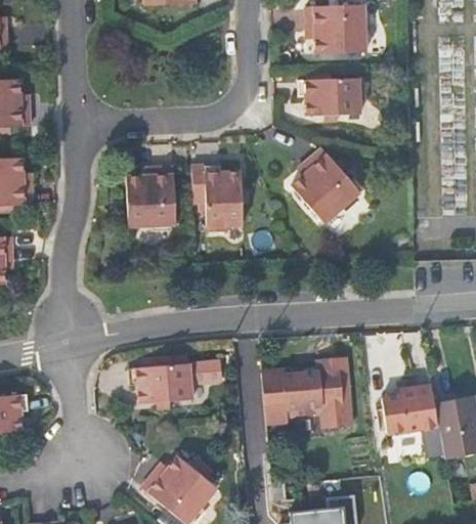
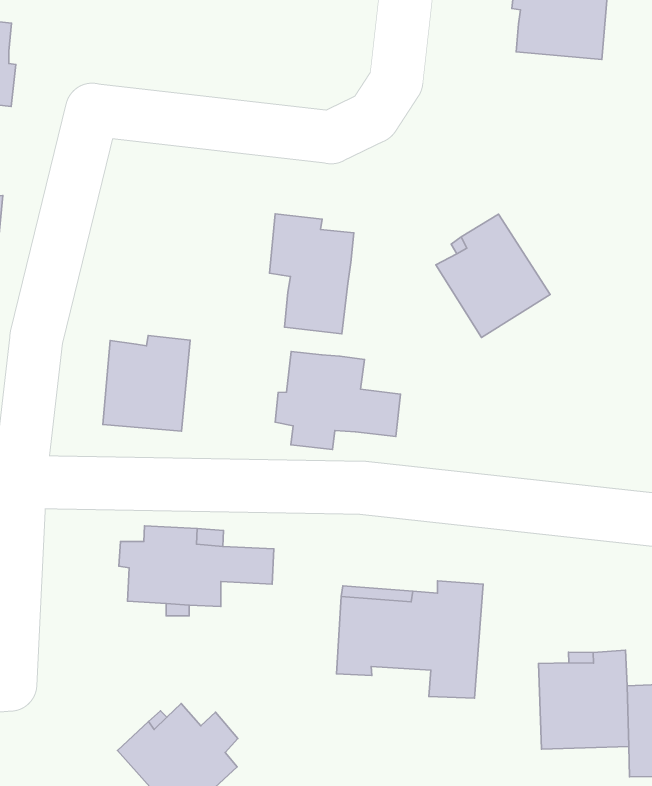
building: [298,76,363,114] -> none
building: [125,167,174,223] -> [103,335,190,431]
building: none -> [275,352,401,450]

